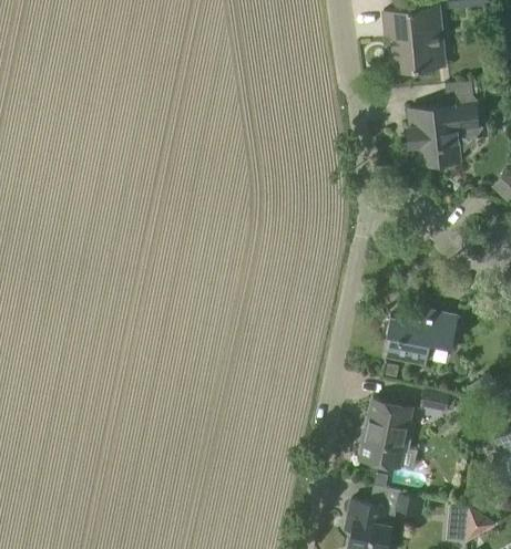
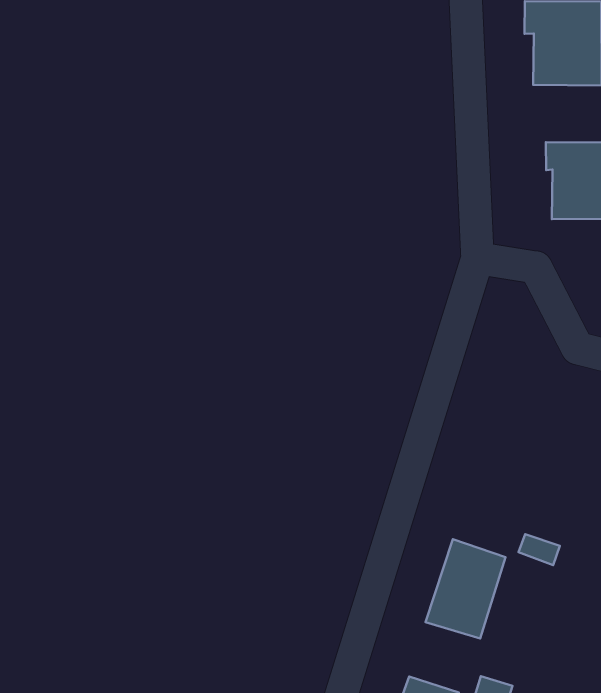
building: [386,307,458,366] -> none

